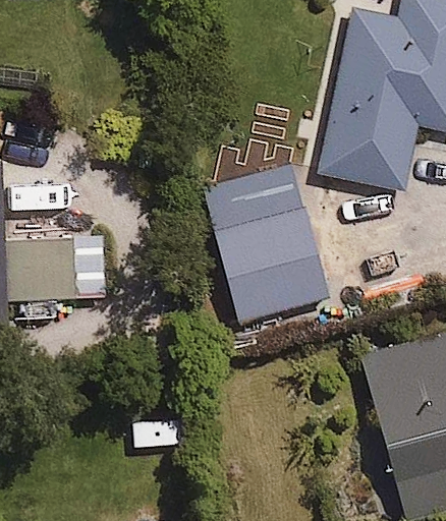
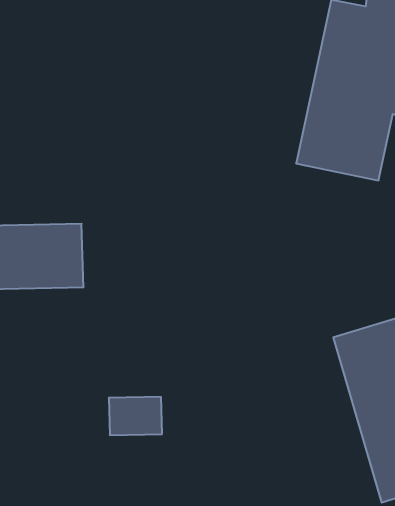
building: [197,154,332,324] -> none

